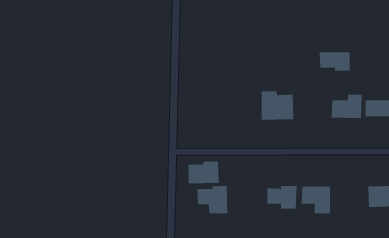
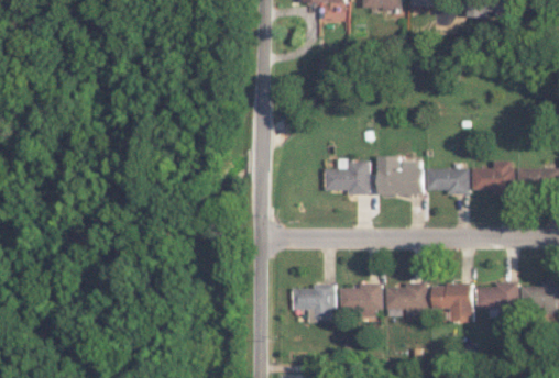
building: [319,52,350,71] -> [425,168,468,194]
building: none -> [324,159,369,194]
building: [188,161,220,184] -> [338,284,381,314]
building: none -> [475,282,517,310]

